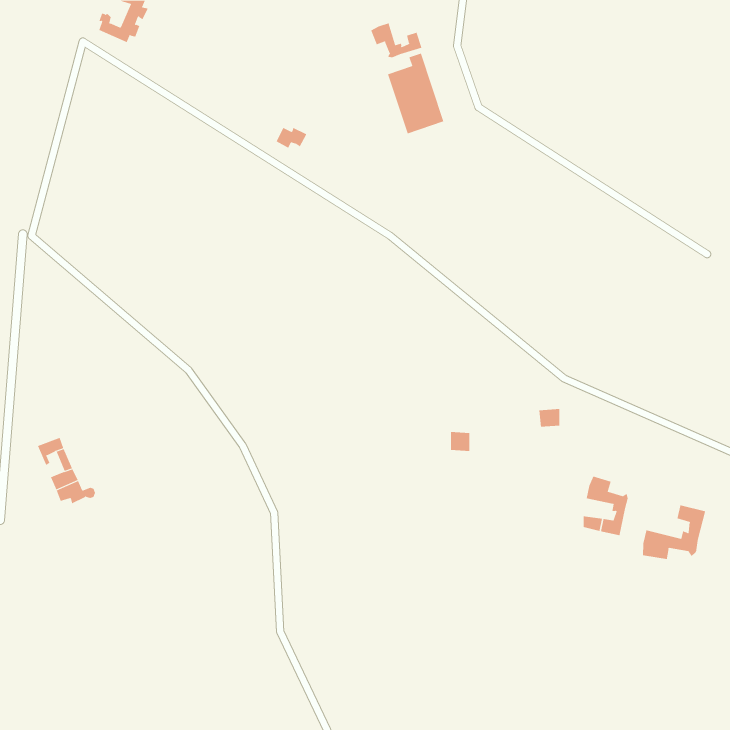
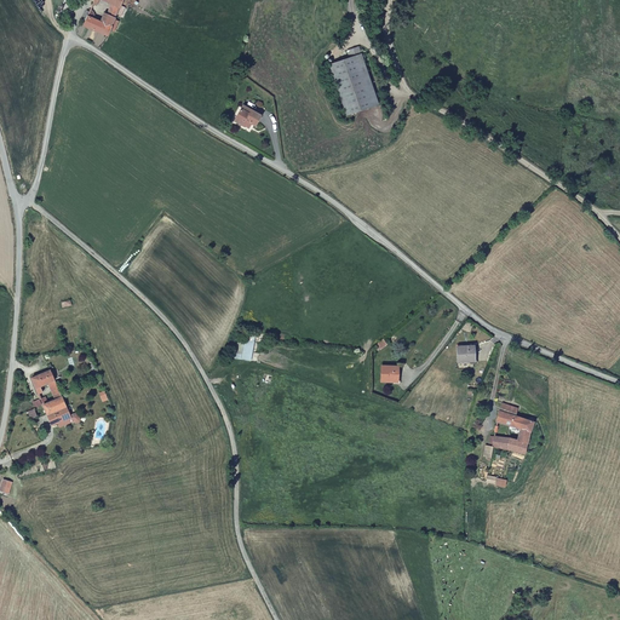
building: [370,23,422,58] -> none
building: [642,505,706,560] -> none

